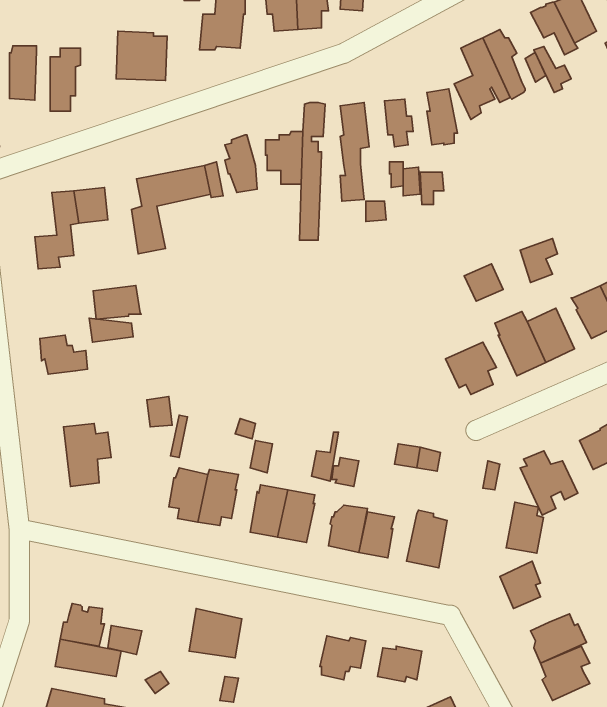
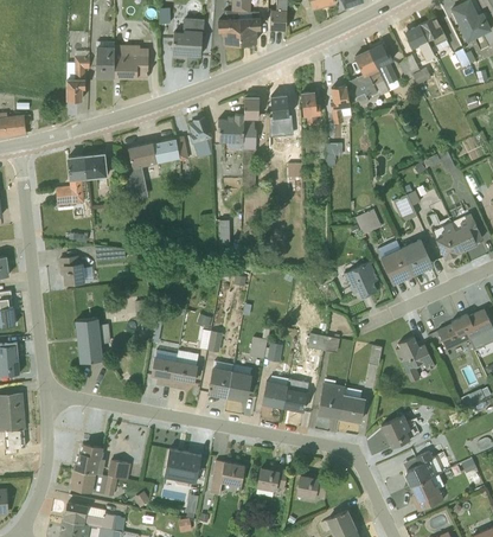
building: [9,46,37,100] -> [96,41,115,79]
building: [93,285,141,319] -> none
building: [506,502,544,553] -> [339,388,365,423]
building: none -> [210,460,245,494]

